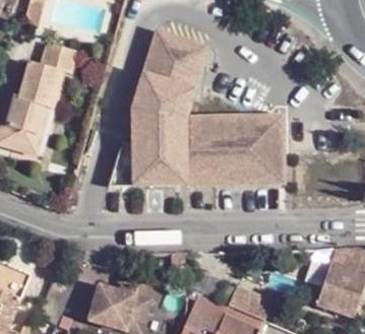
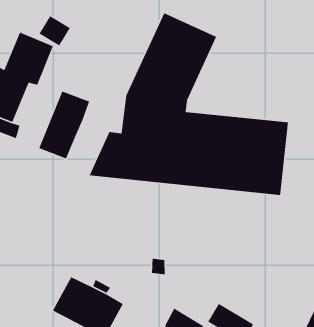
building: none -> [38,90,90,159]

